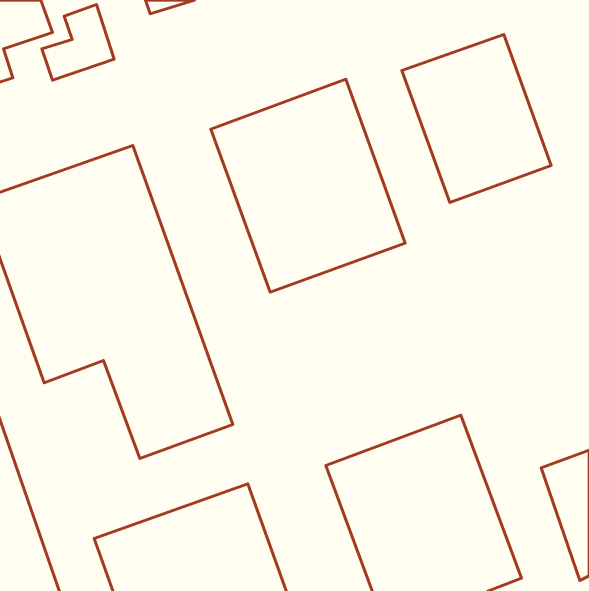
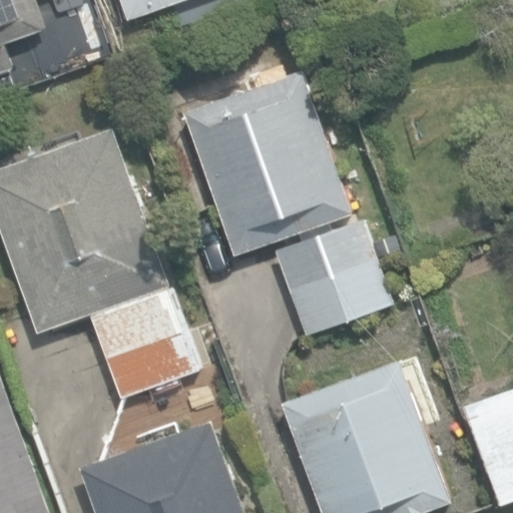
building: [402,34,551,202] -> none
building: none -> [275,220,391,336]

